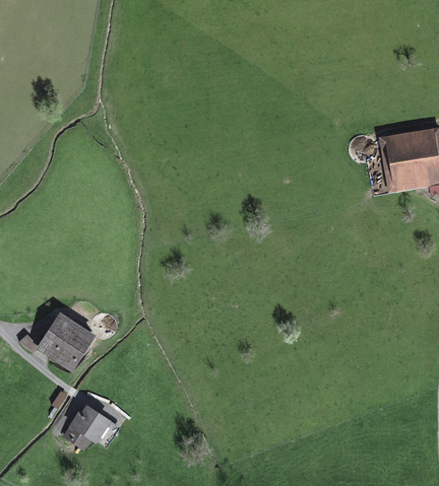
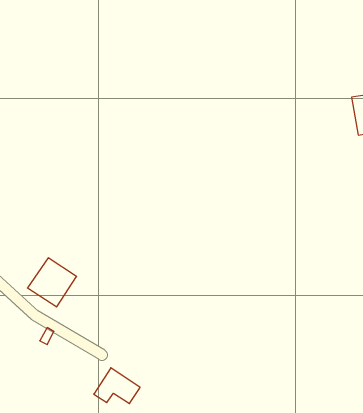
building: [67,407,117,445] -> [94,368,140,404]

